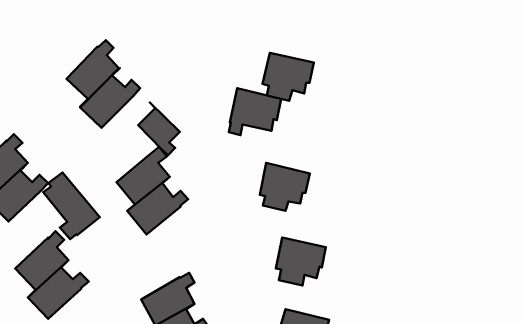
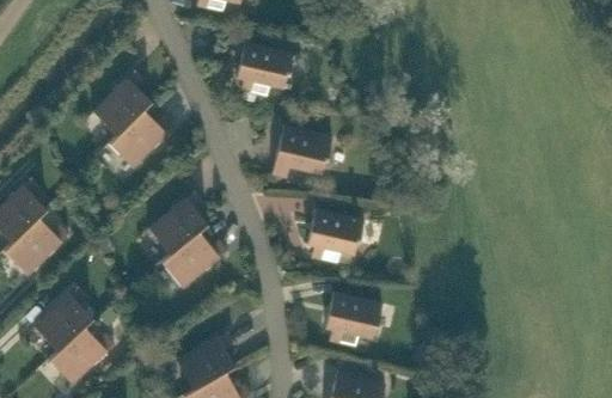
building: [262,53,314,101] -> [235,43,293,97]
building: [138,103,180,155] -> none
building: [43,172,100,239] -> none

